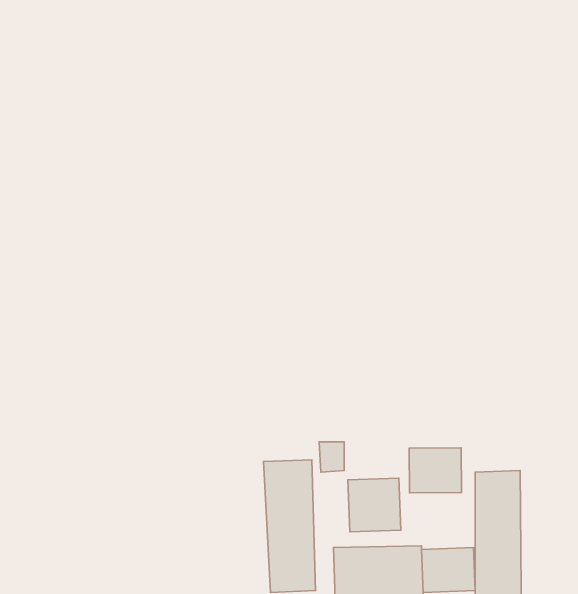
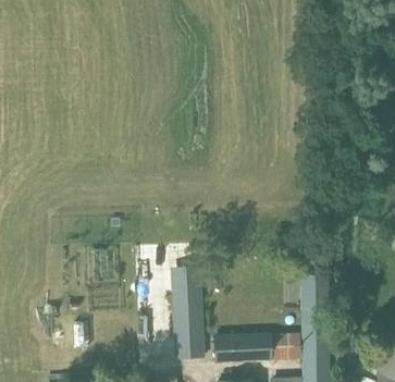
building: [409,448,462,493] -> none
building: [348,478,401,532] -> none

